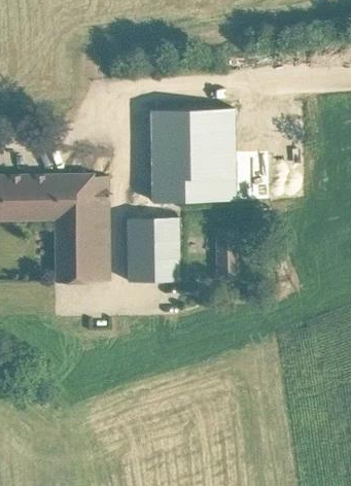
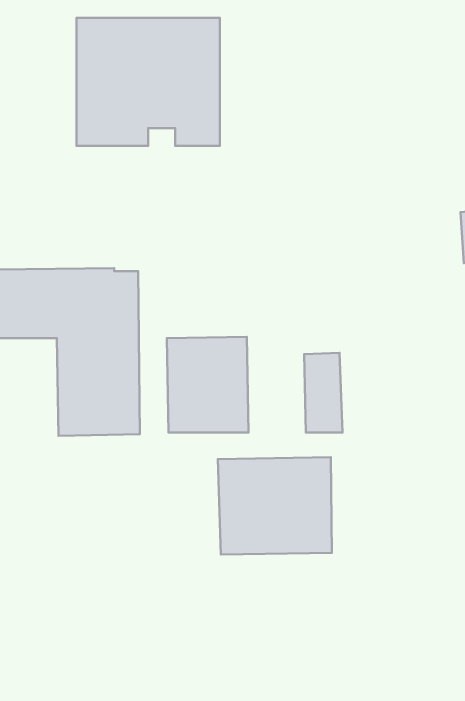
building: [143,111,236,194] -> [76,18,220,146]
building: none -> [218,457,332,555]

